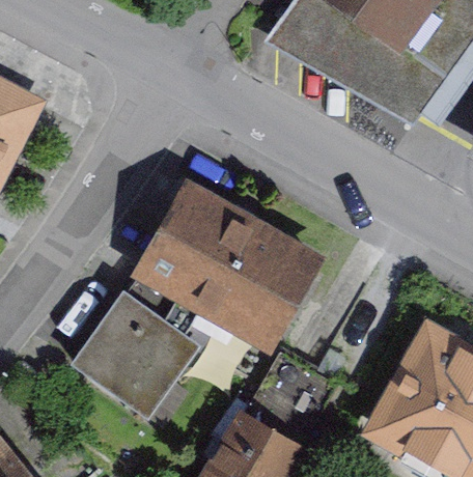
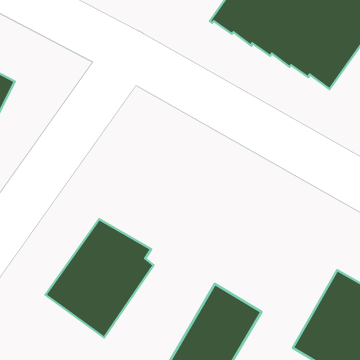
building: [140,191,315,344] -> none

